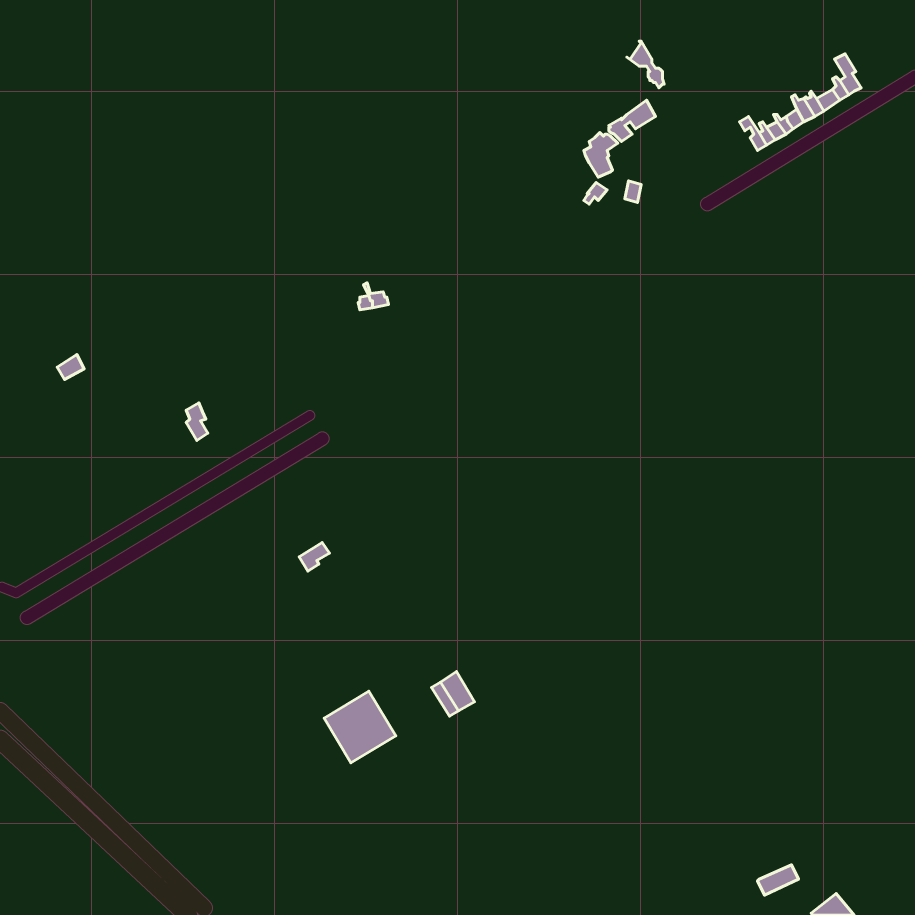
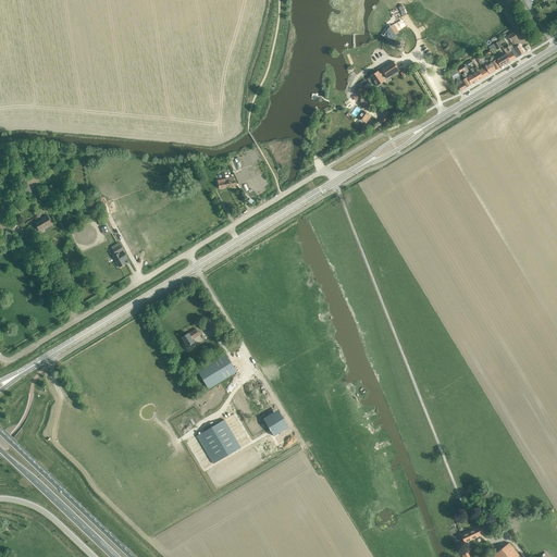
building: none -> [197,354,237,389]

